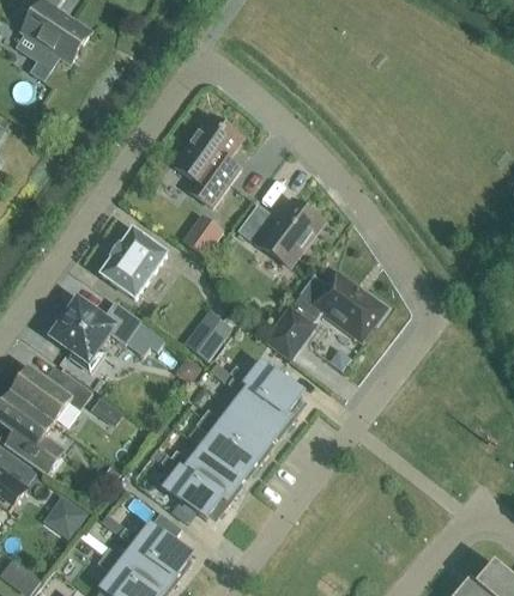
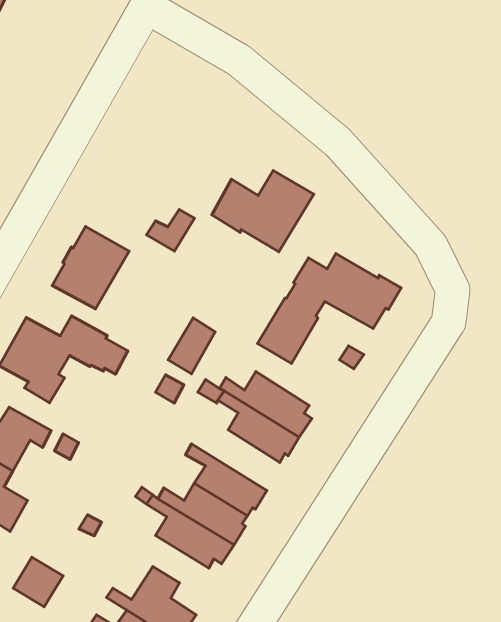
building: [171,114,240,206] -> none
building: [200,407,271,460] -> none

